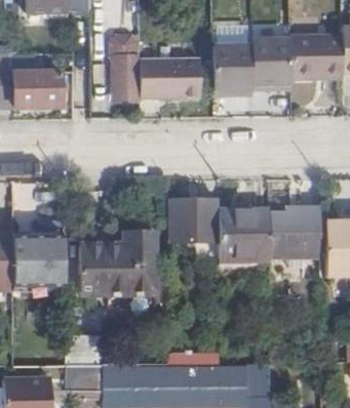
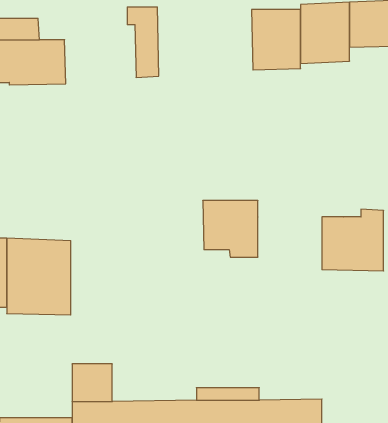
building: [139,59,199,98] -> none
building: [218,215,270,259] -> none
building: [79,233,152,294] -> none

